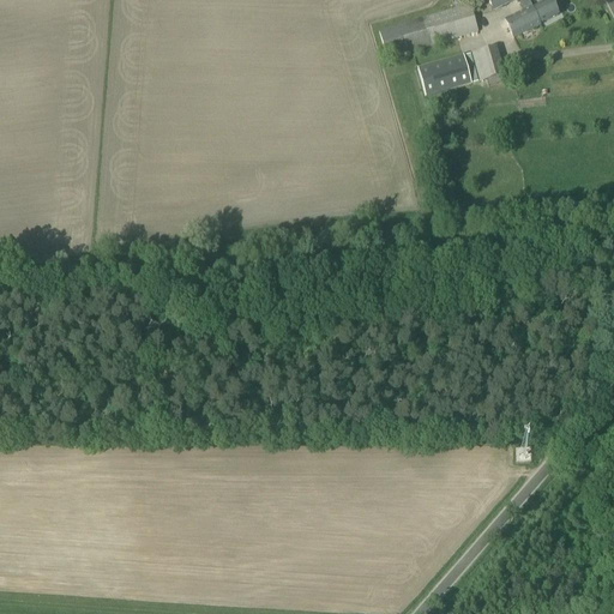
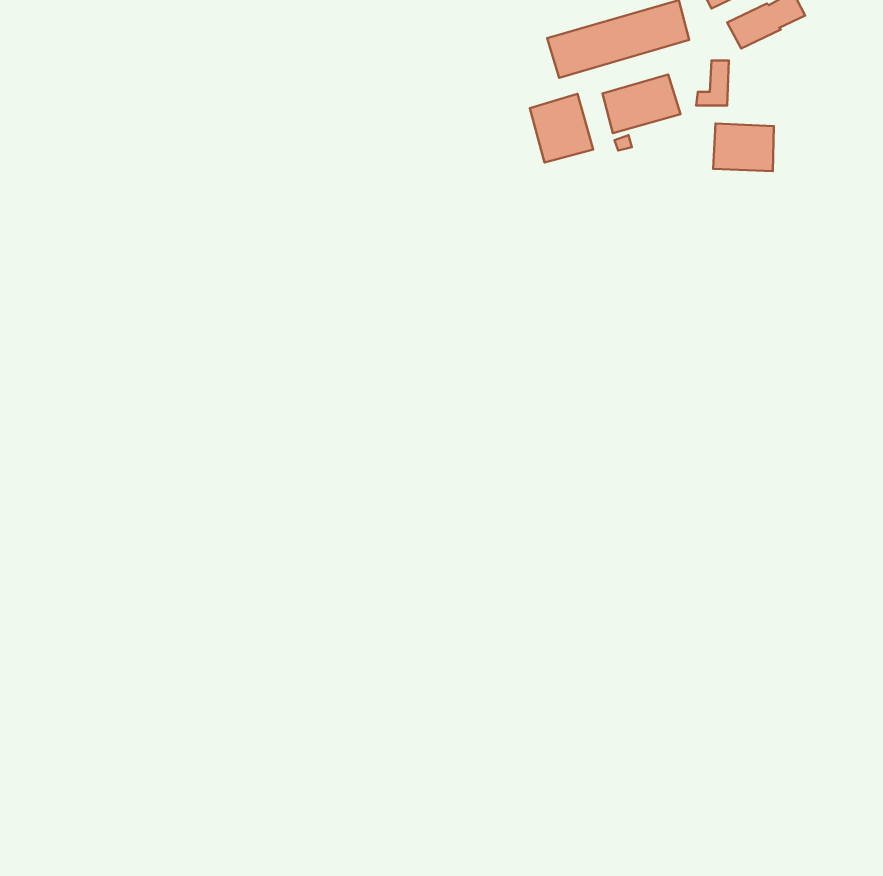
building: none -> [530,94,593,162]
building: none -> [713,124,774,171]

